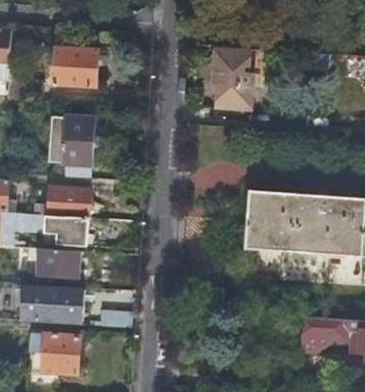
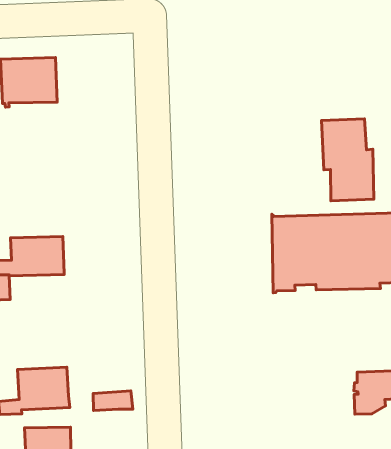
building: [215,46,254,111] -> [321,119,374,201]
building: [49,115,93,178] -> none
building: [42,215,86,246] -> none
building: [37,249,77,276] -> none

